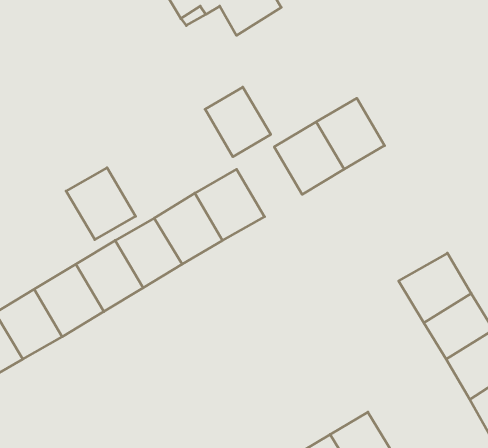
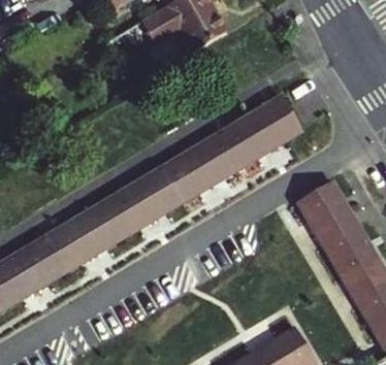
building: [205,87,271,157] -> [193,133,242,185]
building: [66,168,136,240] -> none
building: none -> [294,180,349,232]

